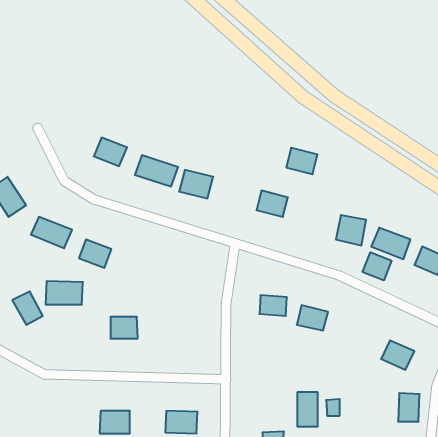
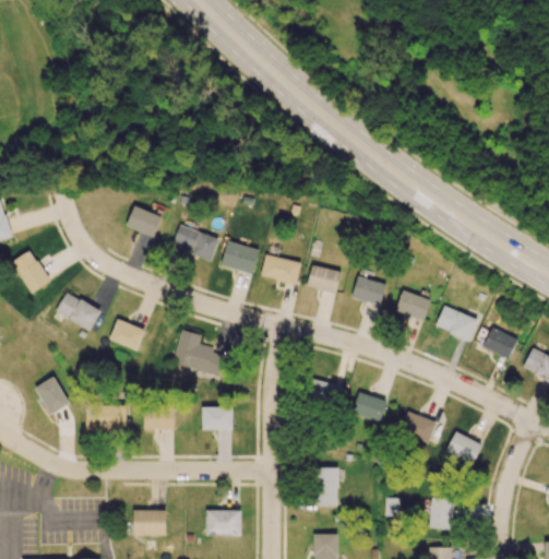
building: [286,148,318,174] -> [351,276,386,306]
building: none -> [261,253,301,285]
building: none -> [174,330,227,374]
building: [363,252,392,280] -> none
building: [46,281,83,305] -> [85,404,127,430]
building: none -> [202,406,232,429]
building: none -> [399,411,435,443]
building: [297,392,318,427] -> [314,467,337,506]
building: [398,393,420,422] -> [429,497,453,528]

